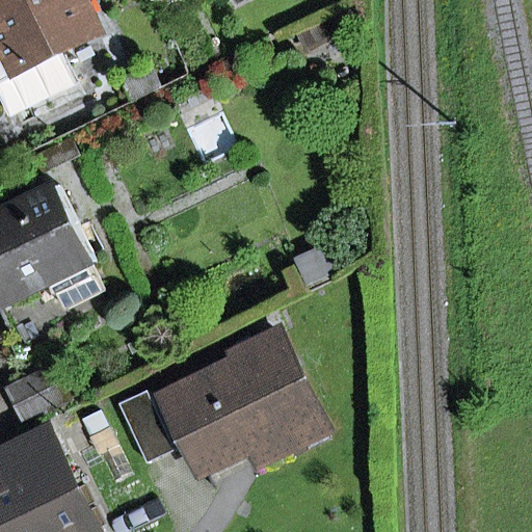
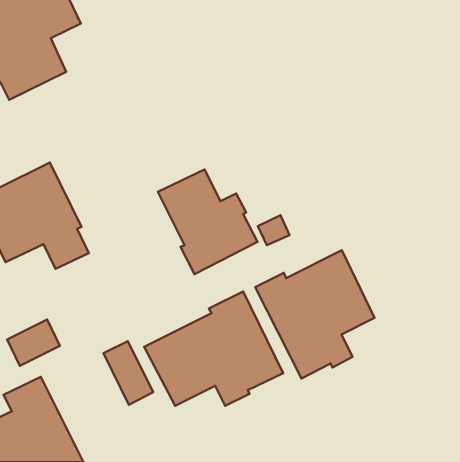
building: none -> [158,169,258,274]
building: none -> [255,250,375,378]

